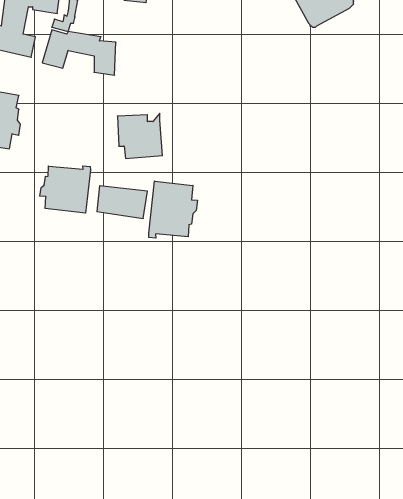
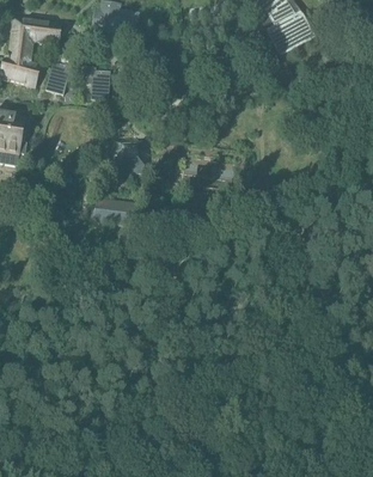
building: [40,166,90,213] -> none
building: [149,181,197,238] -> none

